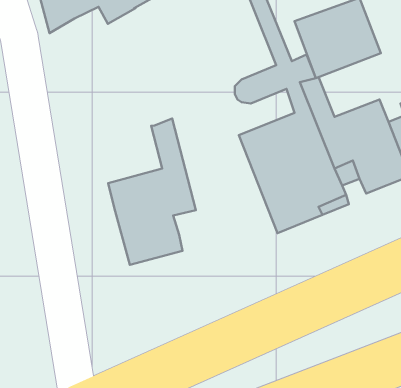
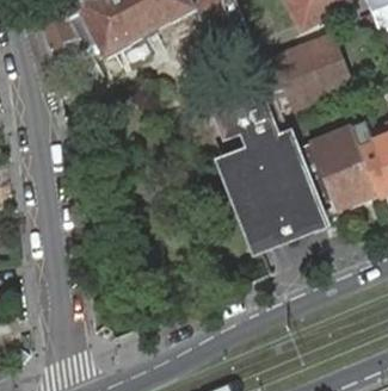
building: [108,118,196,265] -> none

